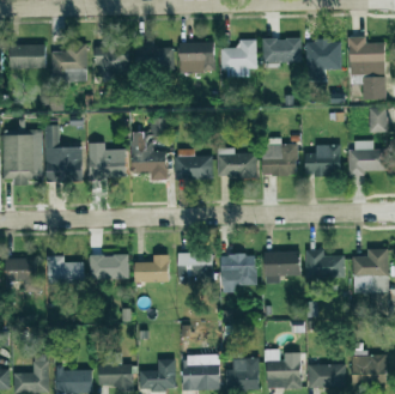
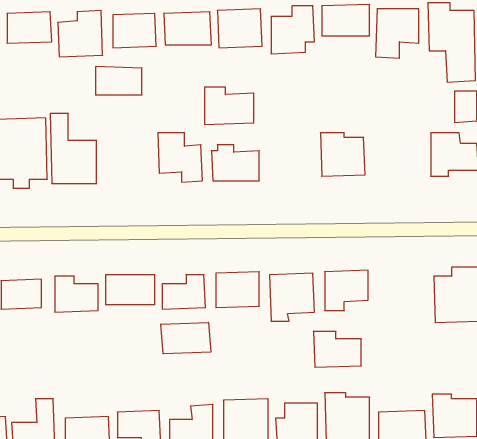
building: [304,145,340,176] -> none
building: [217,148,256,178] -> [205,87,254,124]
building: [89,156,126,178] -> [96,67,142,95]
building: [305,250,344,279] -> [313,331,361,367]
building: none -> [161,322,211,354]

